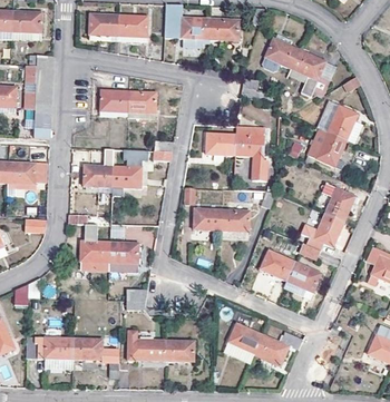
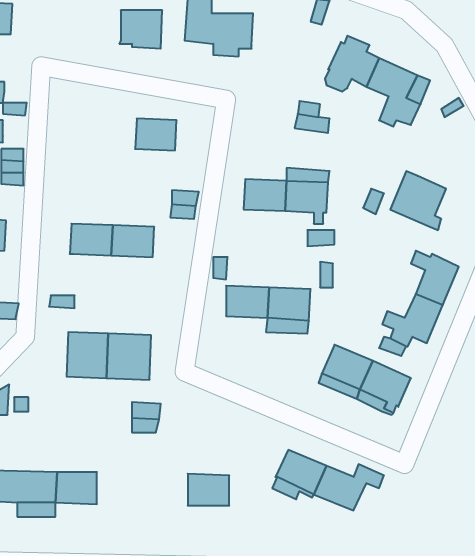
building: [89,13,118,36] -> none
building: [209,17,238,40] -> none
building: [99,89,129,111] -> none
building: [316,99,361,143] -> none
building: [127,331,165,361] -> none

